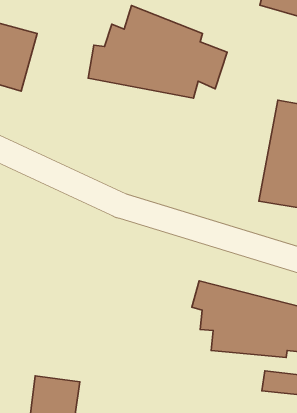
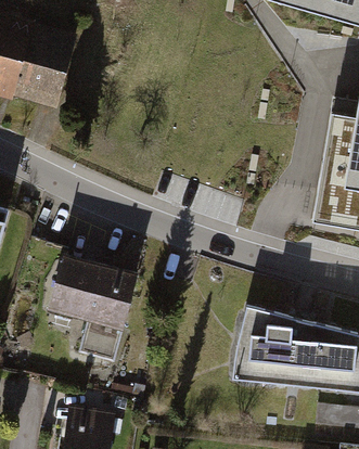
building: [88,5,227,98] -> none
building: none -> [53,257,142,363]

